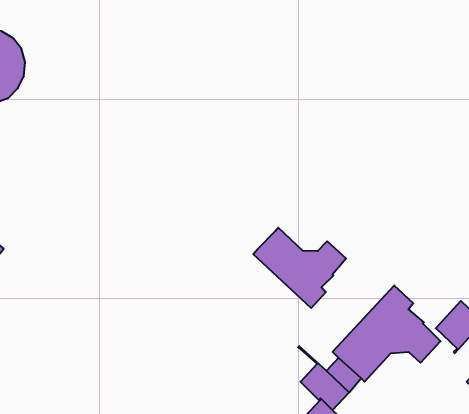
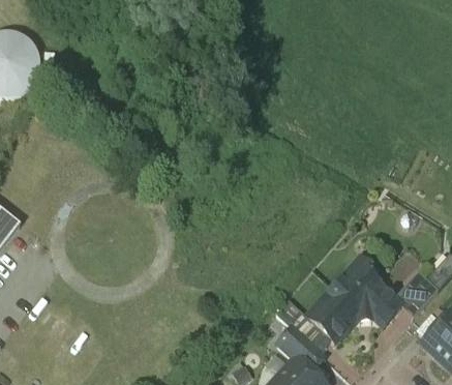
building: [253,228,346,308] -> none

